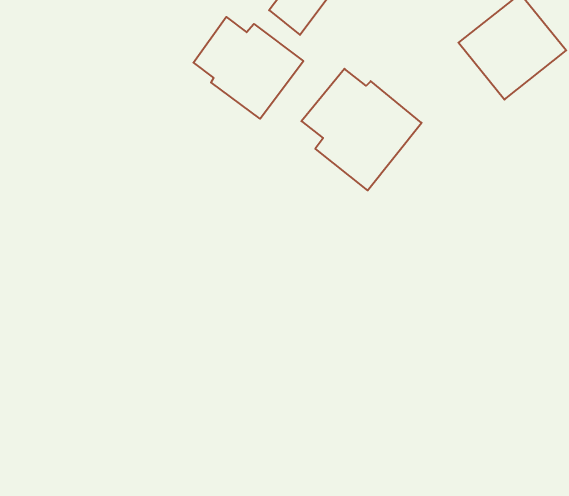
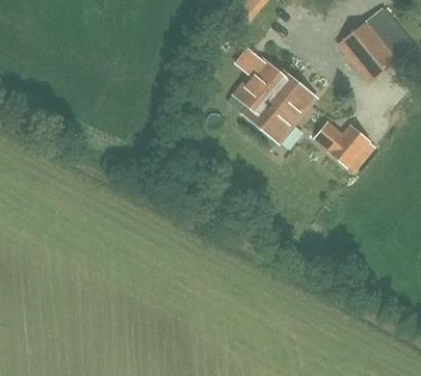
building: [193,17,303,119] -> none
building: none -> [314,120,368,165]

